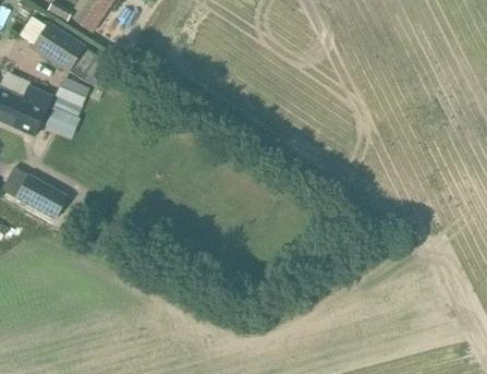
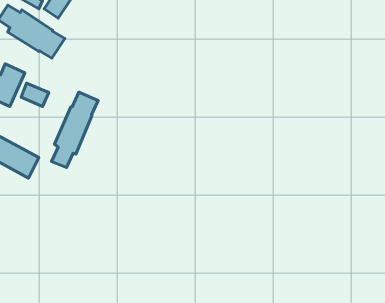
building: [56,77,90,117] -> none
building: none -> [51,92,98,168]

